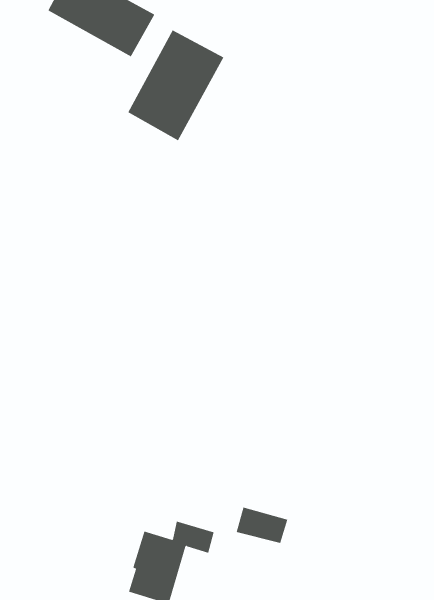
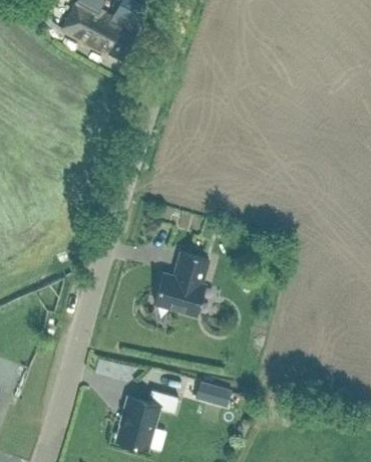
building: [128,29,224,141] -> none
building: none -> [153,250,208,314]

